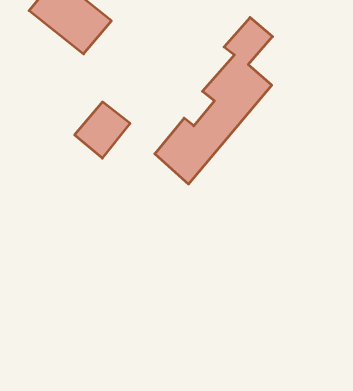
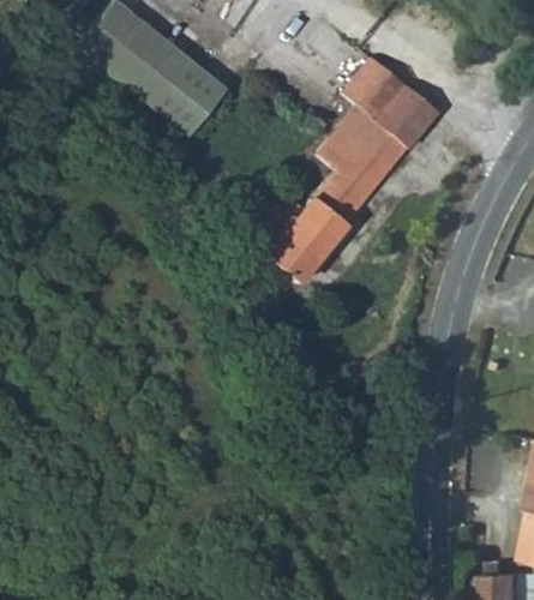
building: none -> [377,73,444,140]
building: [75,102,130,158] -> [149,52,226,130]

